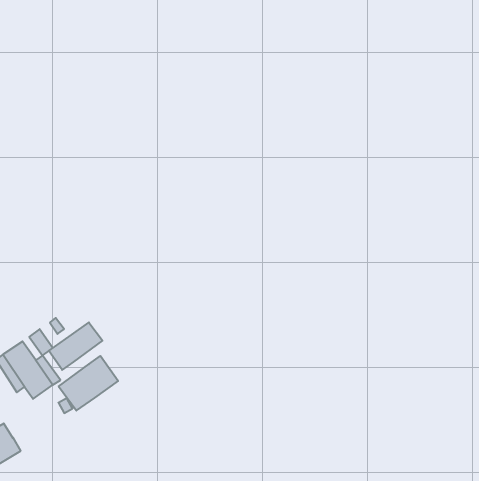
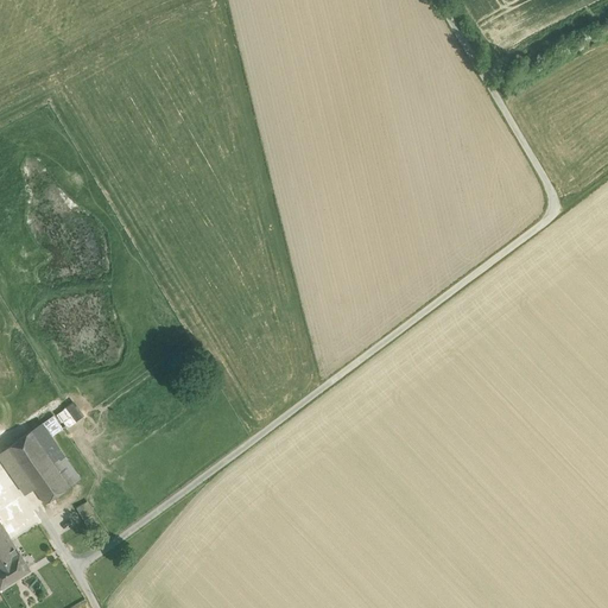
building: [49,322,102,370] -> none
building: [59,356,118,411] -> none

